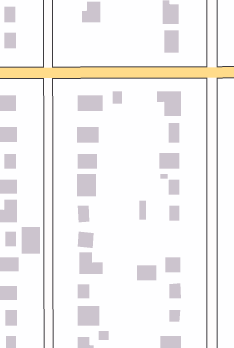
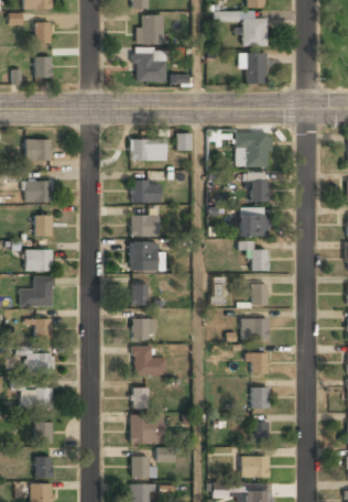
building: none -> [134,51,166,81]
building: [21,226,40,254] -> none
building: [136,265,157,281] -> [242,318,270,339]

